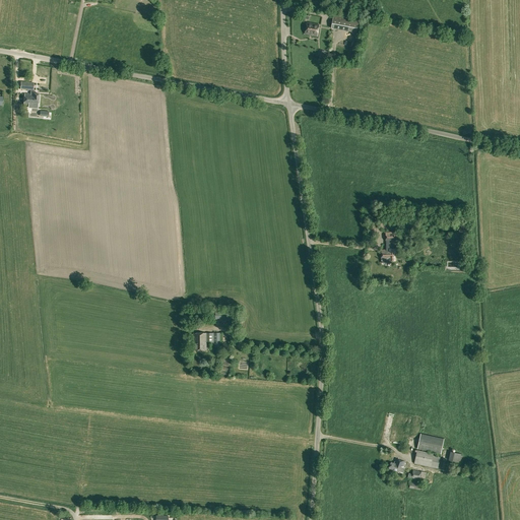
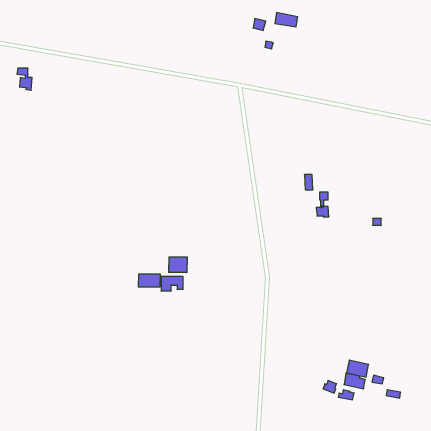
building: none -> [169,257,187,273]
building: none -> [138,274,160,287]

